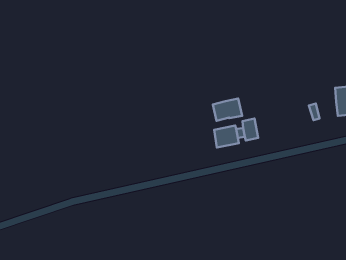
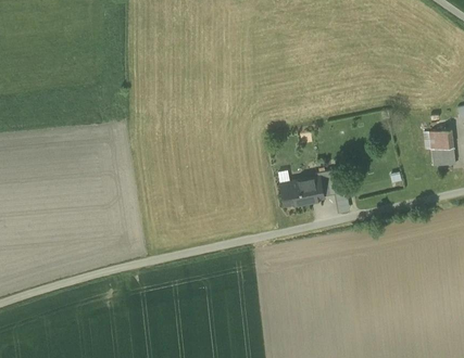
building: [213,99,242,121] -> none

